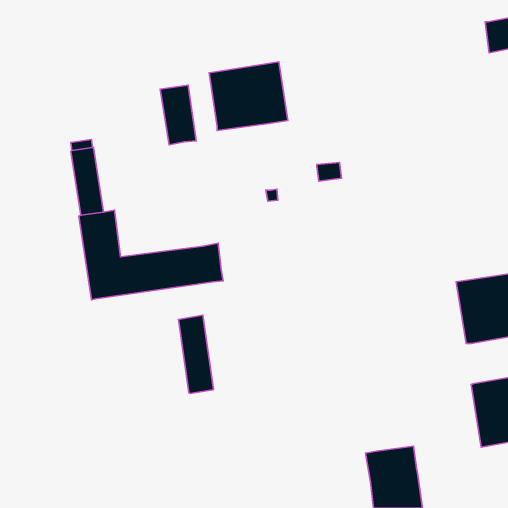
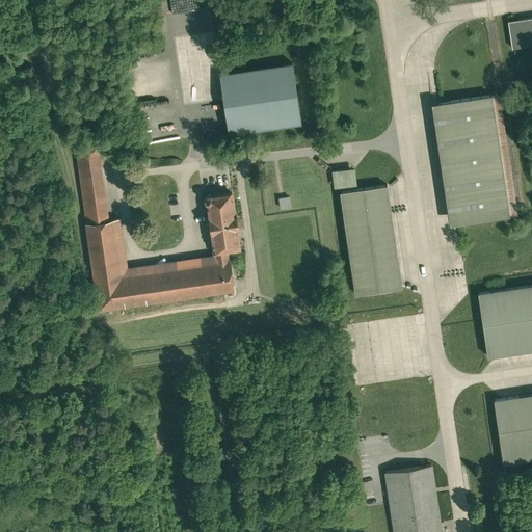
building: [160,85,196,145] -> [204,194,241,257]
building: none -> [431,96,517,227]
building: none -> [340,187,402,296]
building: [178,315,214,393] -> none

